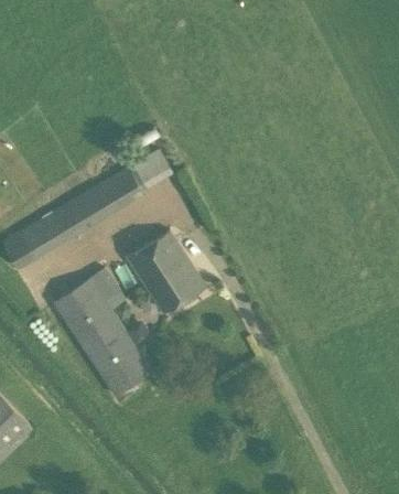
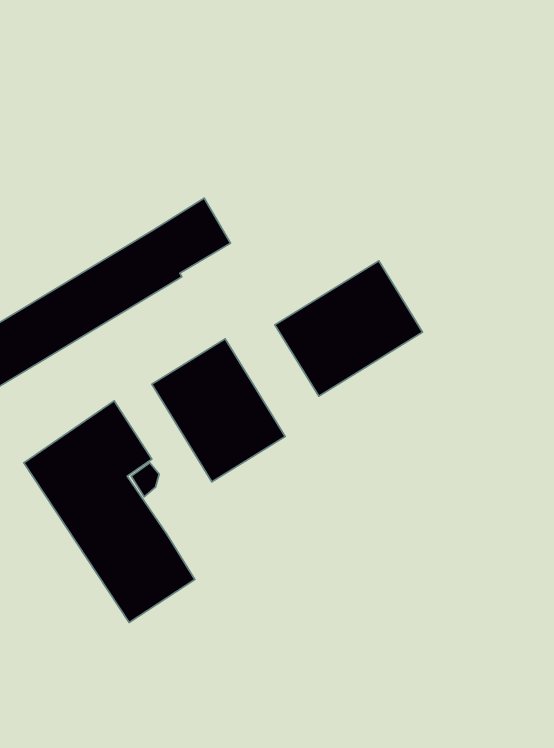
building: none -> [275,261,423,396]

